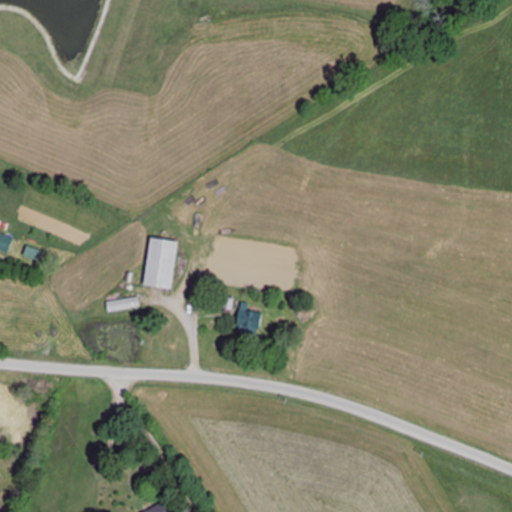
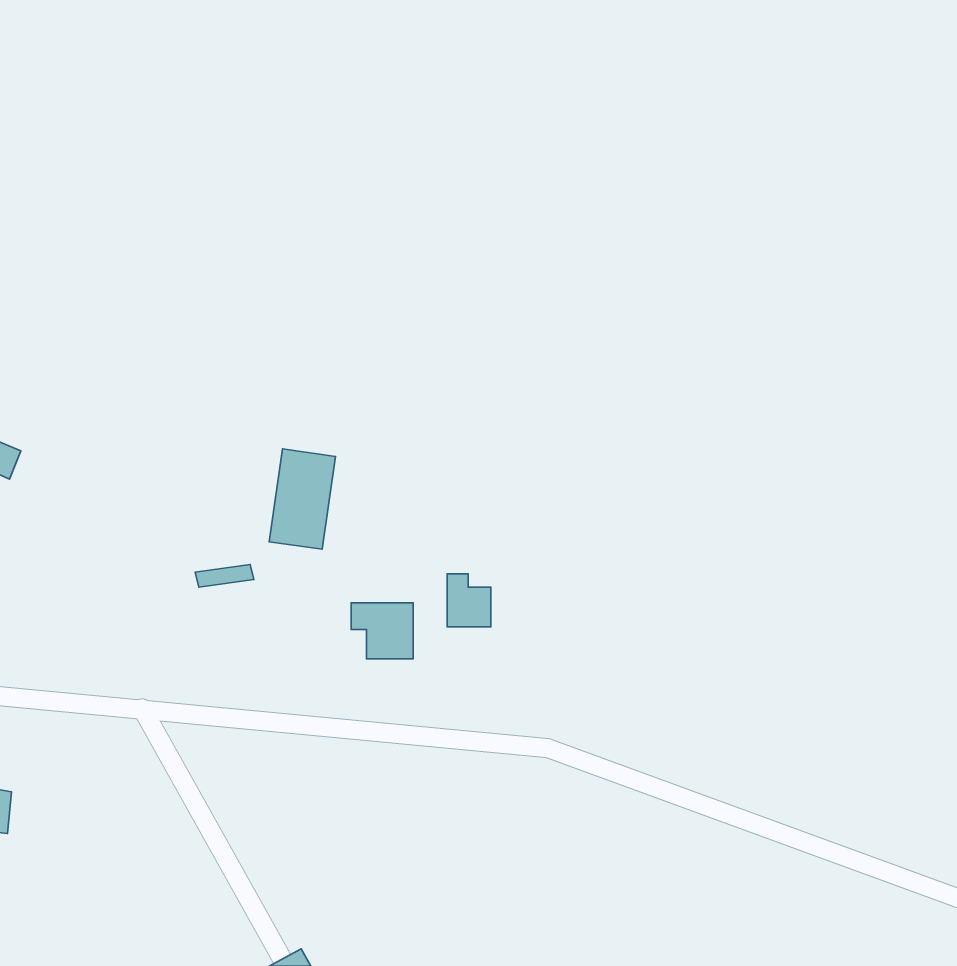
building: none -> [351,603,413,659]

